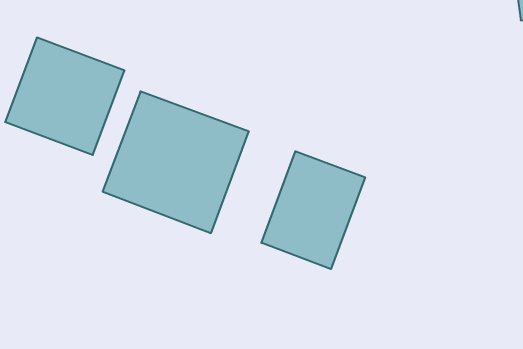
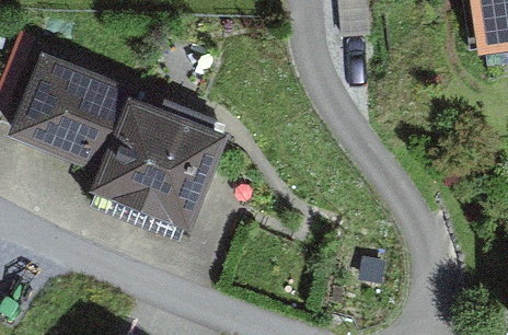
building: [261,151,365,269] -> none

